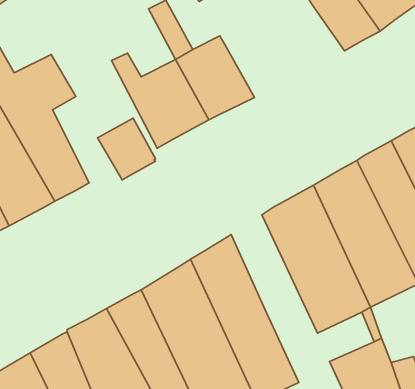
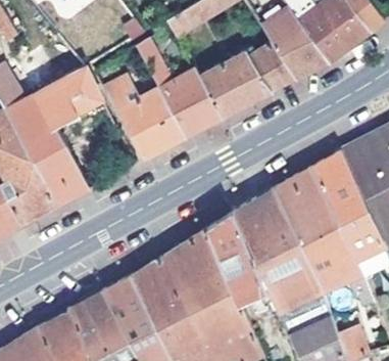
building: none -> [199,41,298,118]
building: [97,118,155,180] -> [55,65,103,117]
building: none -> [204,215,262,297]

